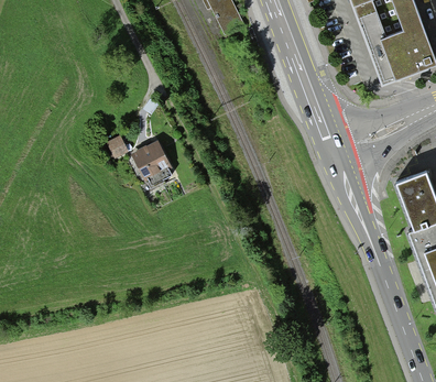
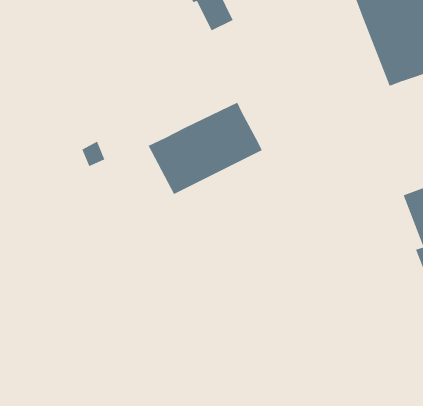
building: none -> [148,102,263,195]
building: [134,139,176,179] -> none

